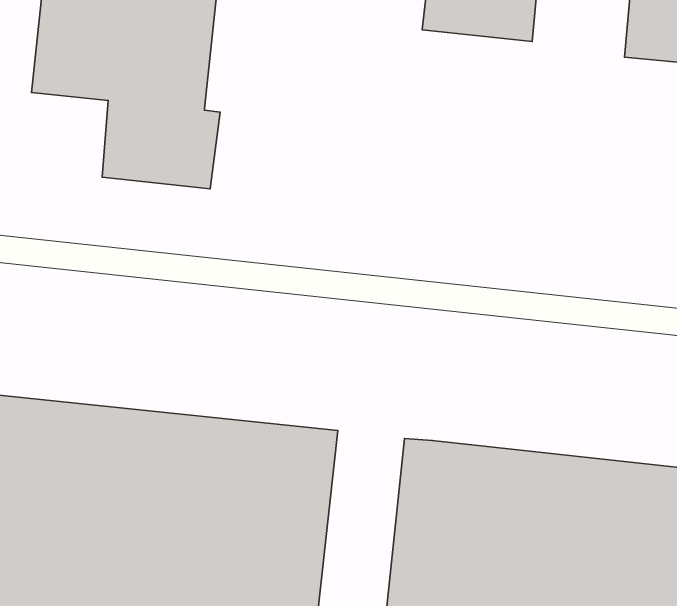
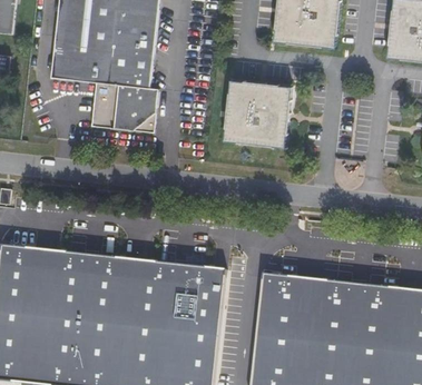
building: none -> [224,80,292,148]

